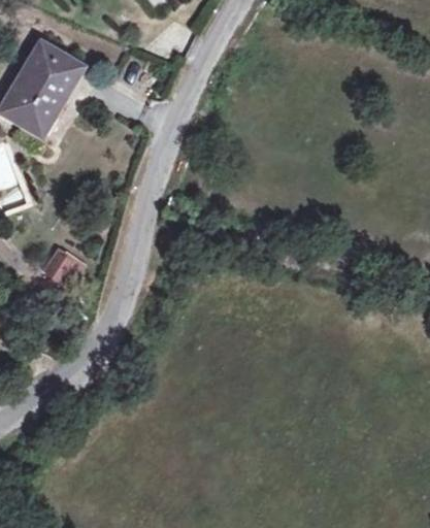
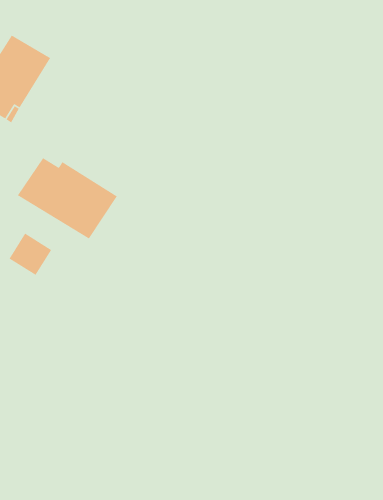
building: none -> [17,157,118,239]

